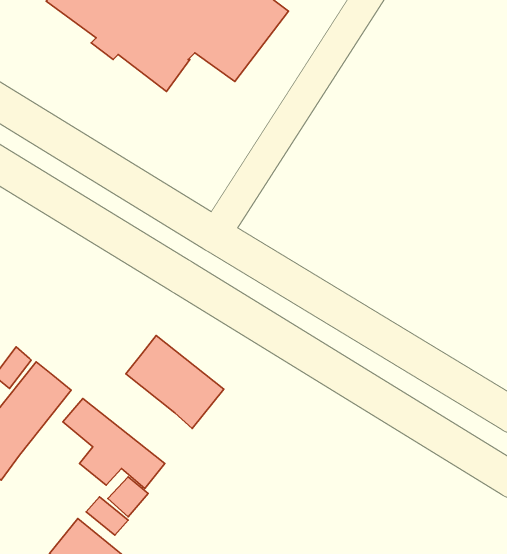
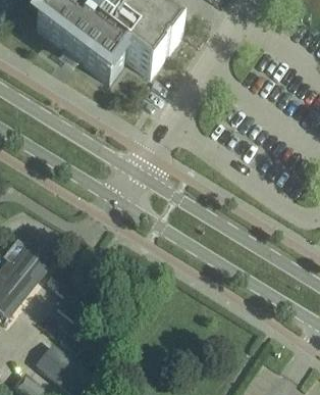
building: [126,335,224,428] -> none

